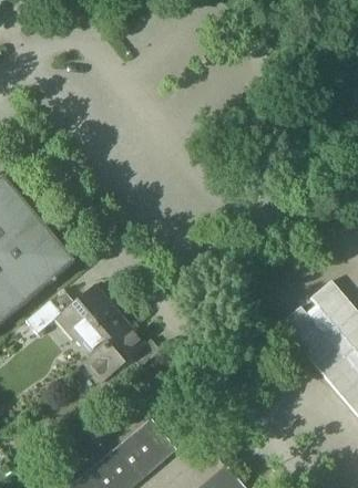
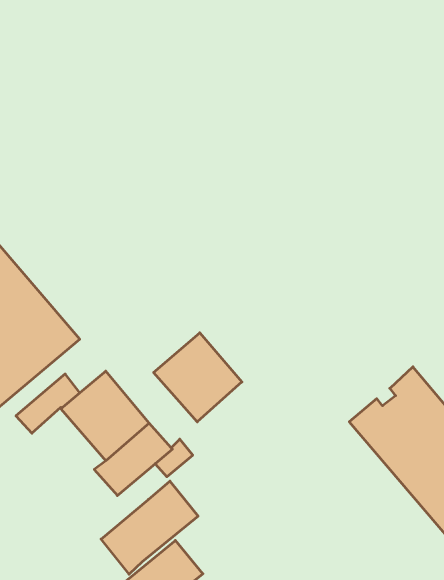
building: none -> [154,333,242,422]
building: none -> [101,481,198,574]

